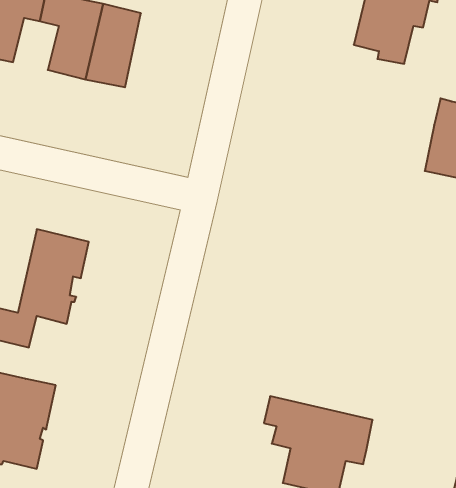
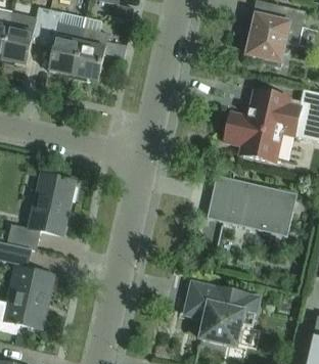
building: none -> [224,89,299,162]
building: none -> [208,179,297,235]

